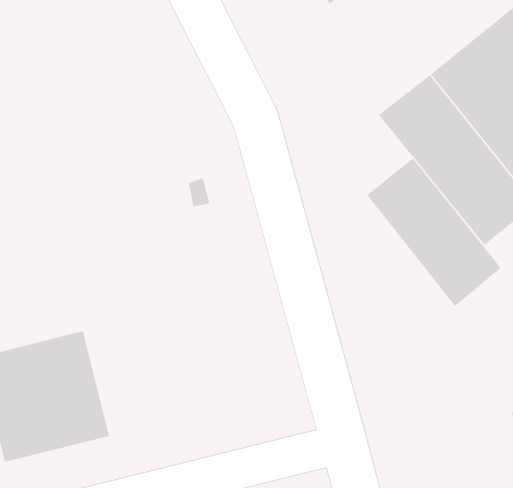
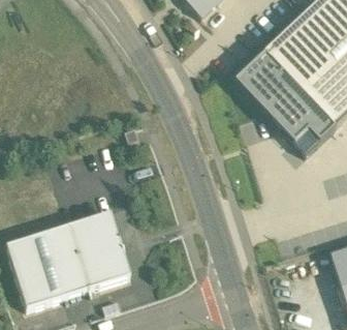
building: [366,158,502,307] -> none
building: none -> [67,211,130,288]

